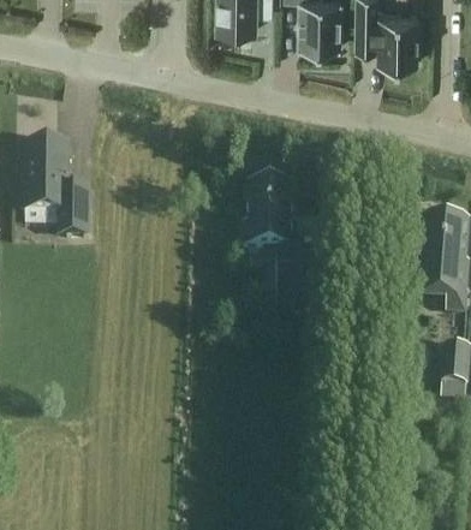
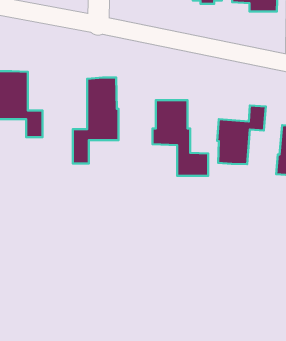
building: none -> [73,78,119,164]
building: none -> [217,105,266,164]

